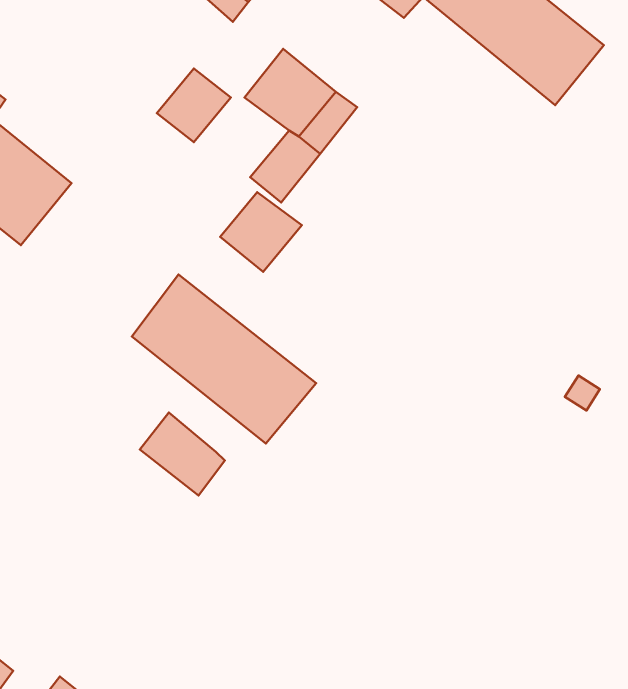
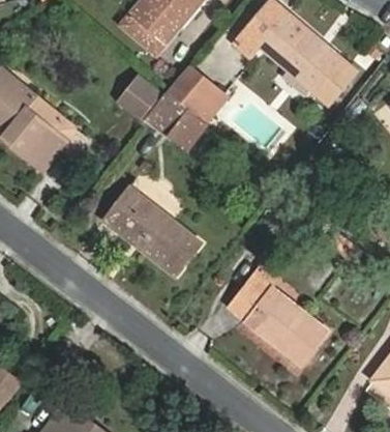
building: [220,192,302,272] -> [145,93,188,136]
building: [140,413,225,495] -> none
building: none -> [227,275,327,365]

